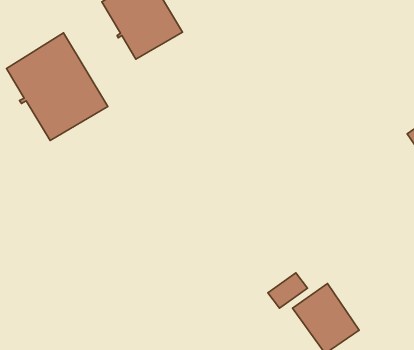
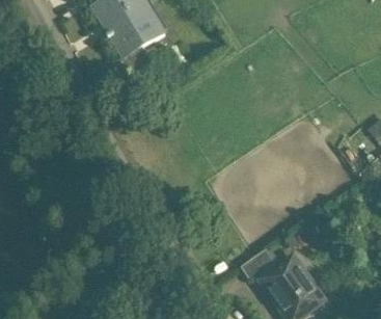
building: [6,33,108,140] -> none

